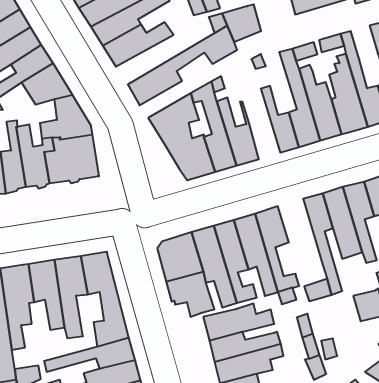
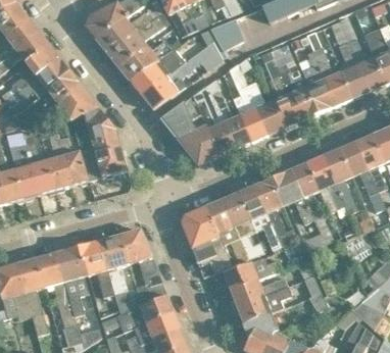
building: none -> [131,49,185,94]
building: none -> [234,78,270,141]
building: none -> [273,168,313,223]

